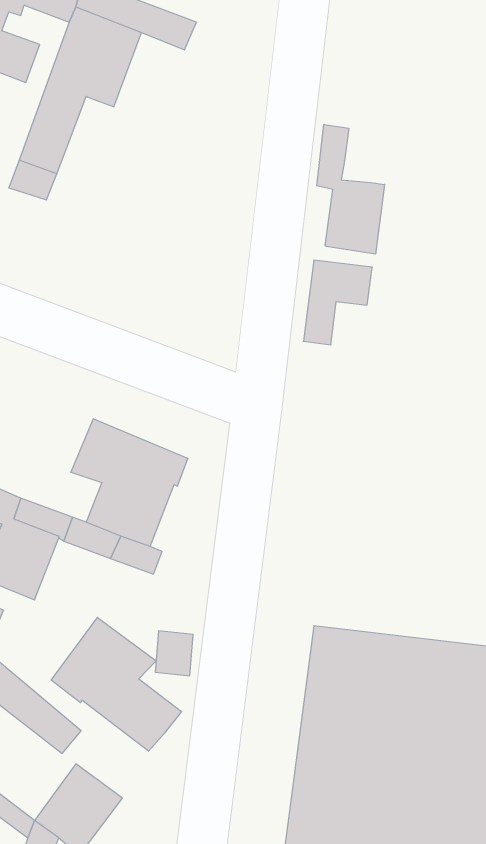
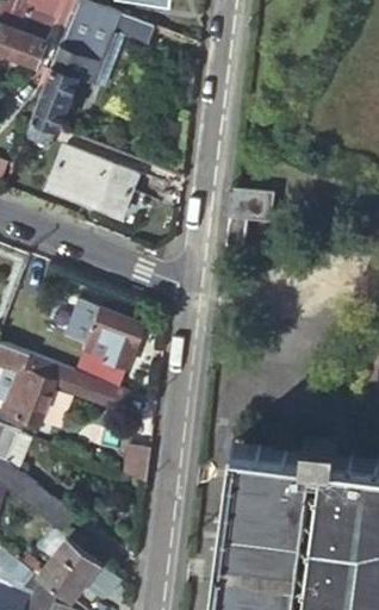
building: [317,124,385,254] -> none
building: none -> [46,145,135,212]
building: [51,617,182,751] -> none

